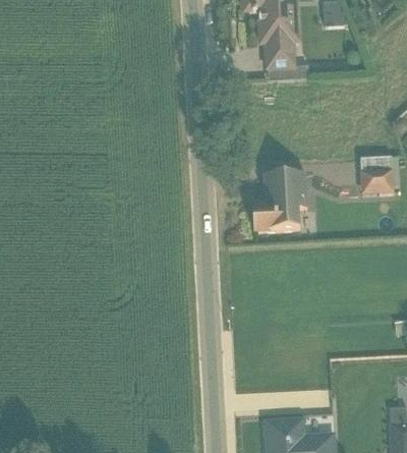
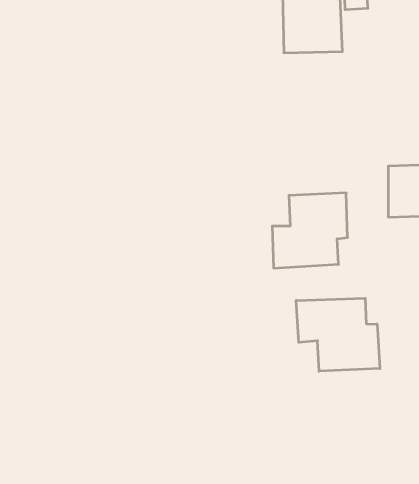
building: none -> [296,298,380,371]

